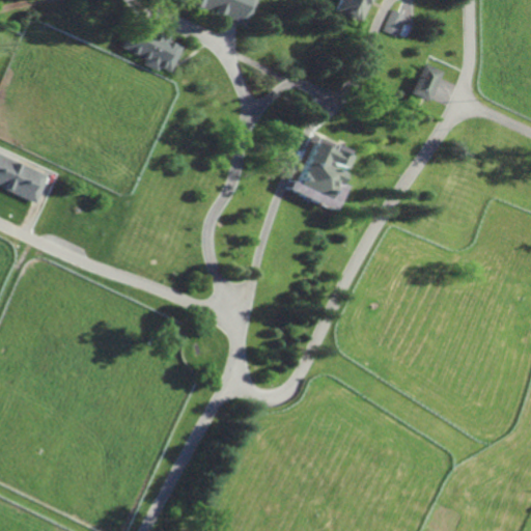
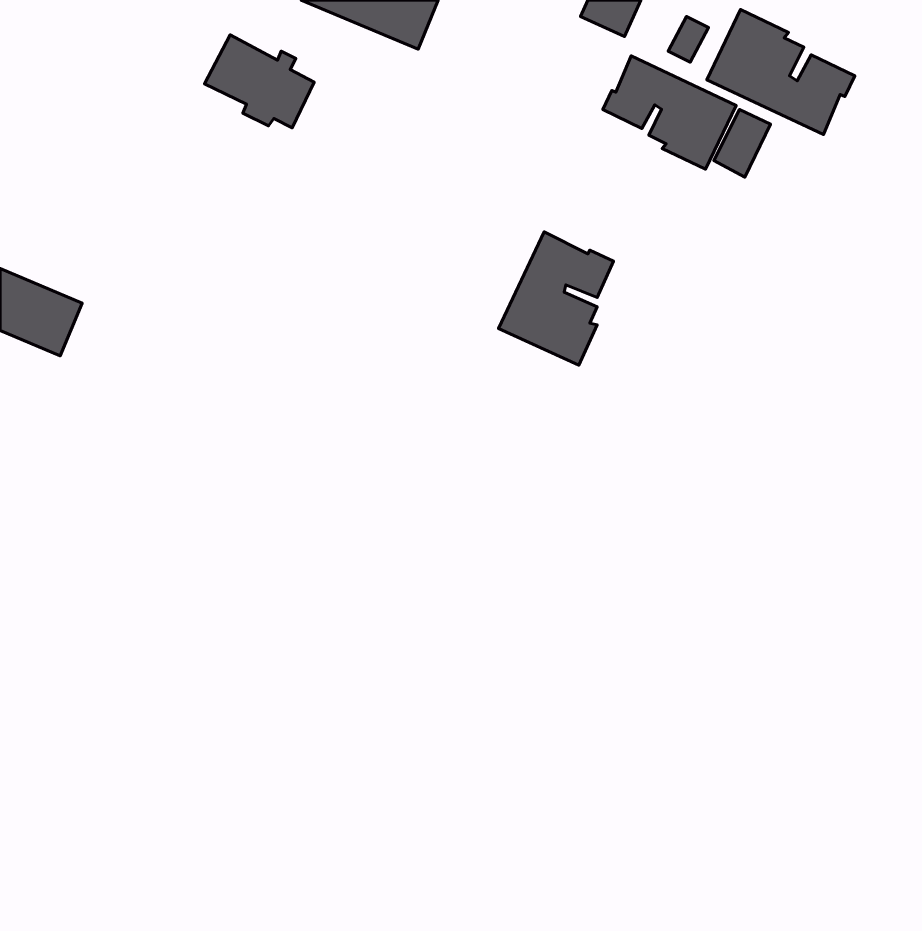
building: none -> [707,9,855,135]
building: none -> [603,56,736,169]

